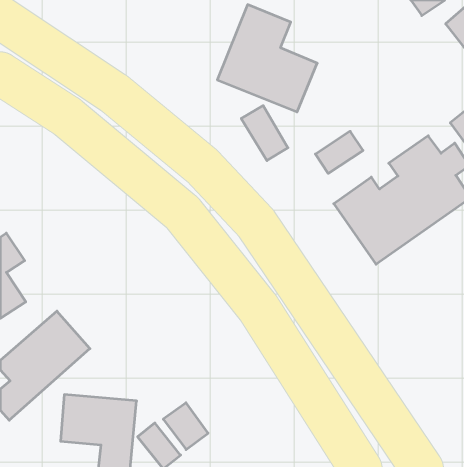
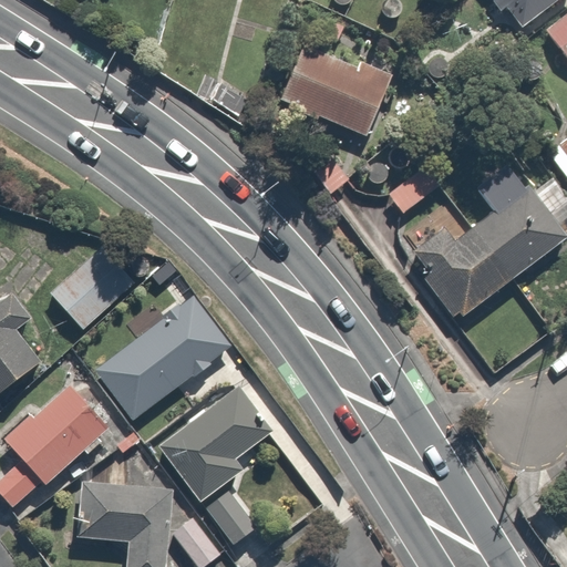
building: none -> [50,247,137,332]
building: none -> [96,298,227,416]
building: none -> [157,389,270,504]

